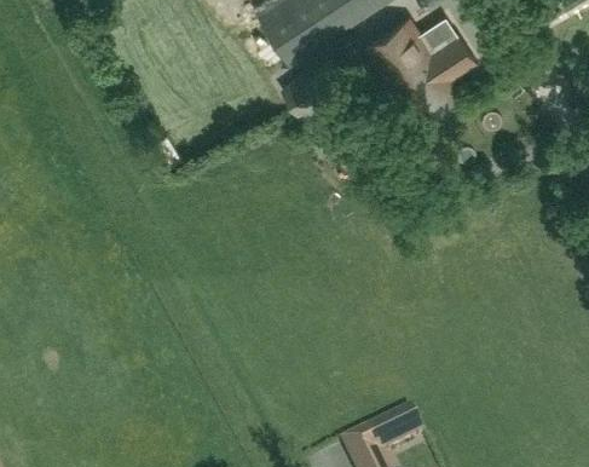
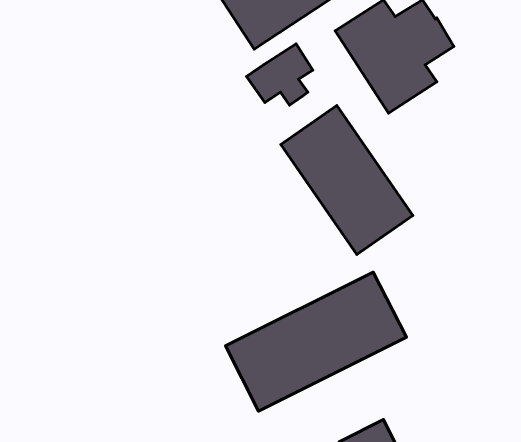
building: none -> [281,105,413,255]
building: none -> [226,272,406,411]

